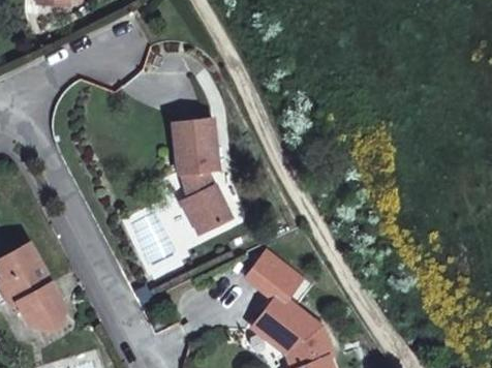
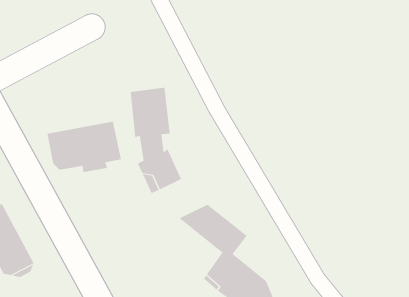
building: none -> [47,121,121,173]

